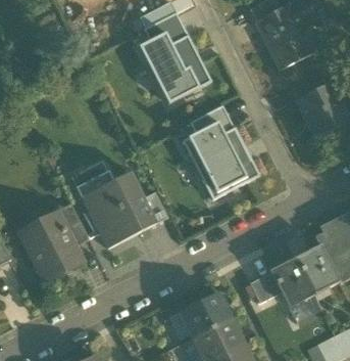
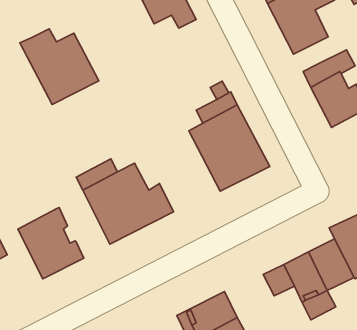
building: [139,32,213,103] -> [20,29,99,104]
building: [56,202,90,247] -> none

